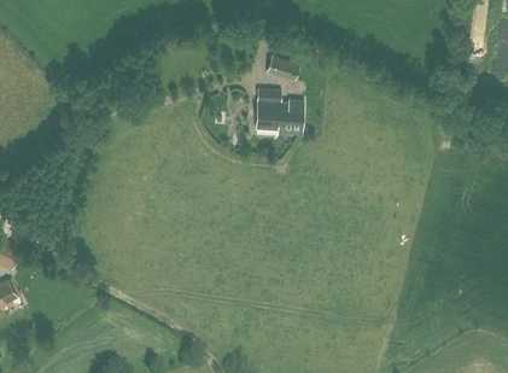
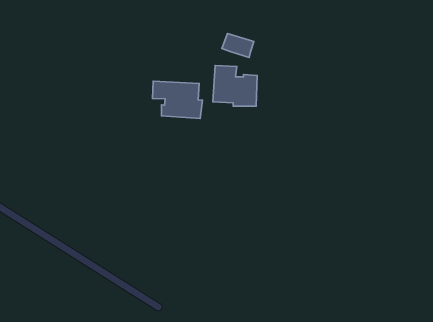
building: none -> [152,81,203,118]

